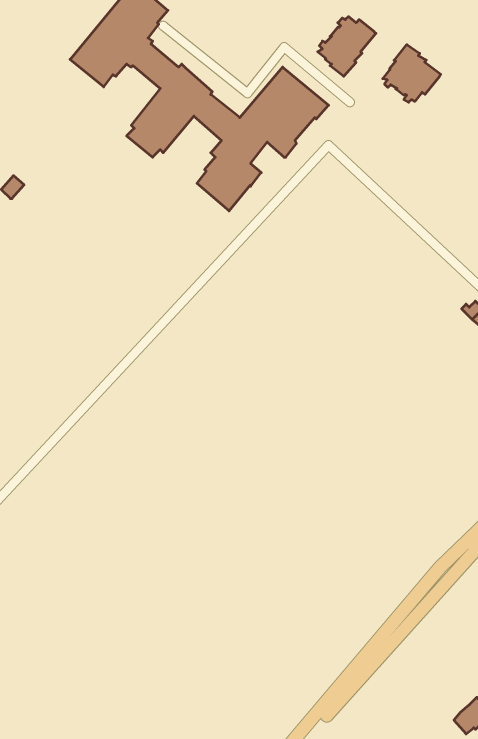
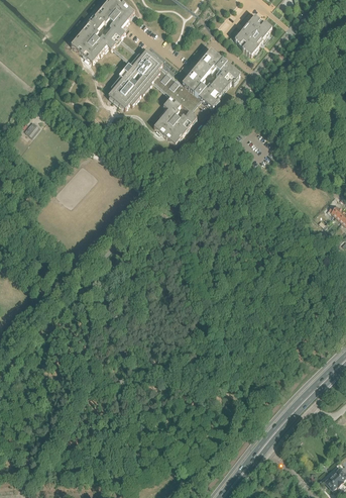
building: [383,45,441,102] -> none

